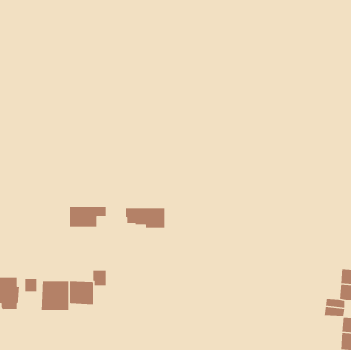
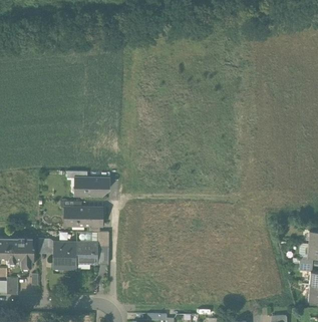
building: [125,207,169,229] -> [66,209,103,227]

